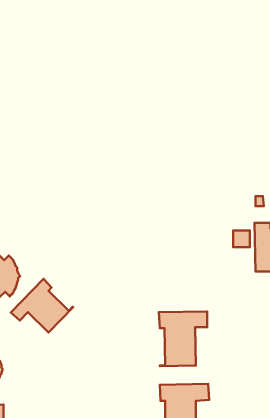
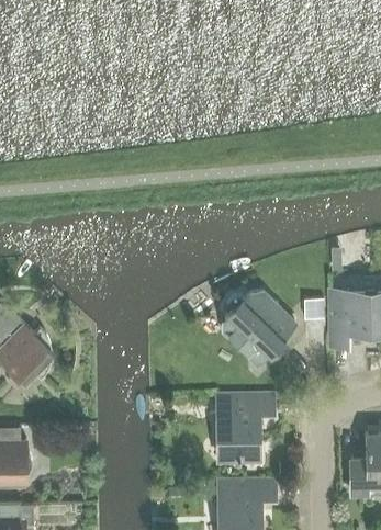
building: none -> [224,292,294,363]
building: [11,279,73,332] -> none

